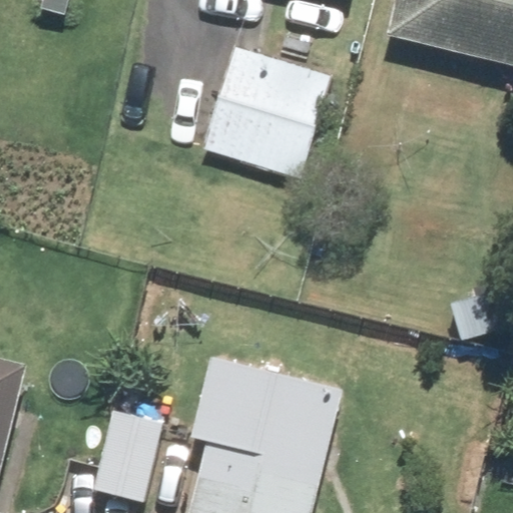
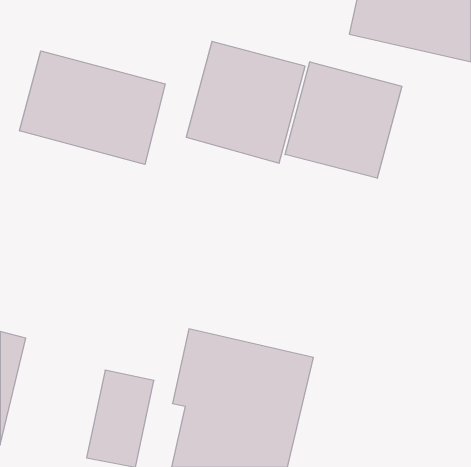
building: none -> [20,51,165,164]
building: none -> [285,62,402,178]

